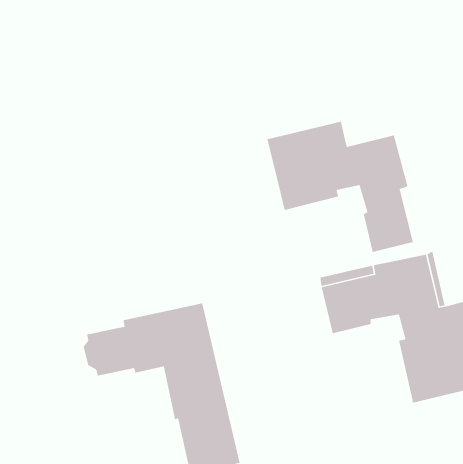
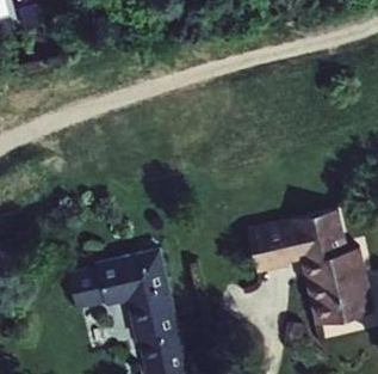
building: [267,121,414,253] -> none

